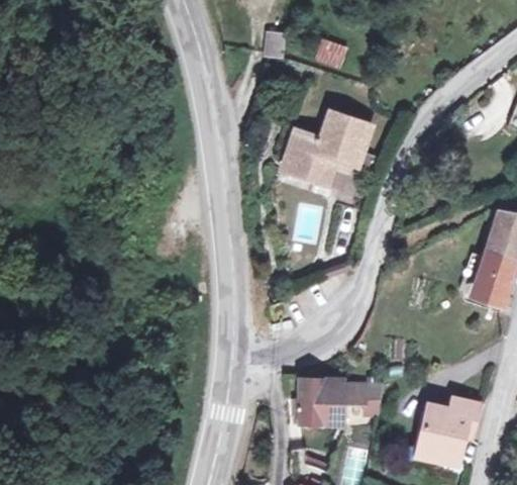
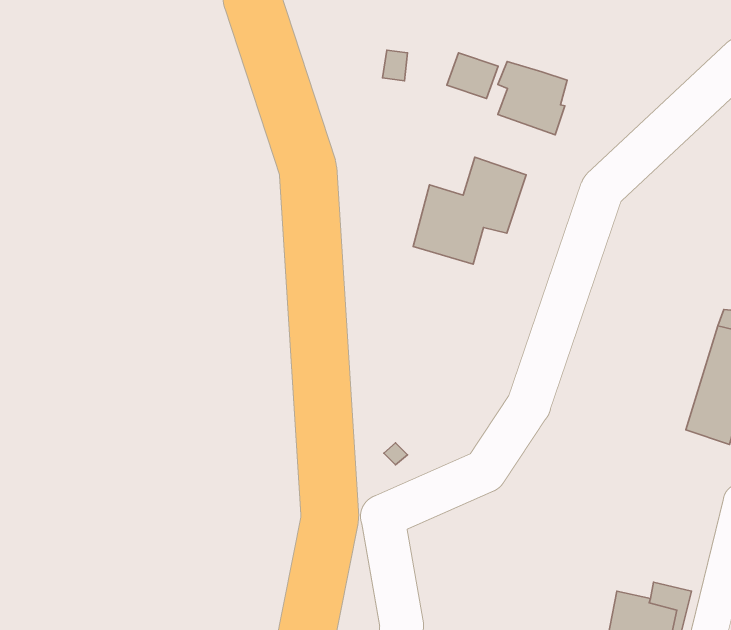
building: none -> [498,61,567,135]
building: [298,380,380,426] -> none

